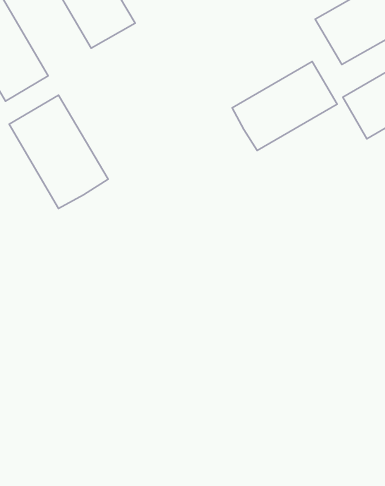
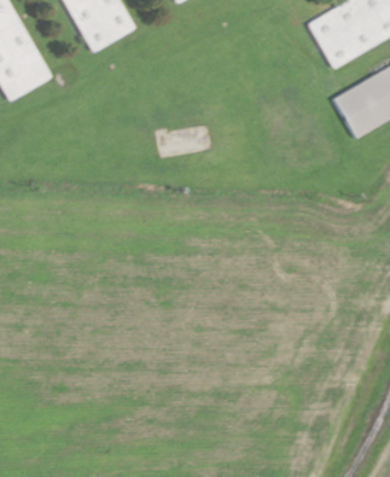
building: [232,62,337,150] -> none
building: [9,95,108,208] -> none

